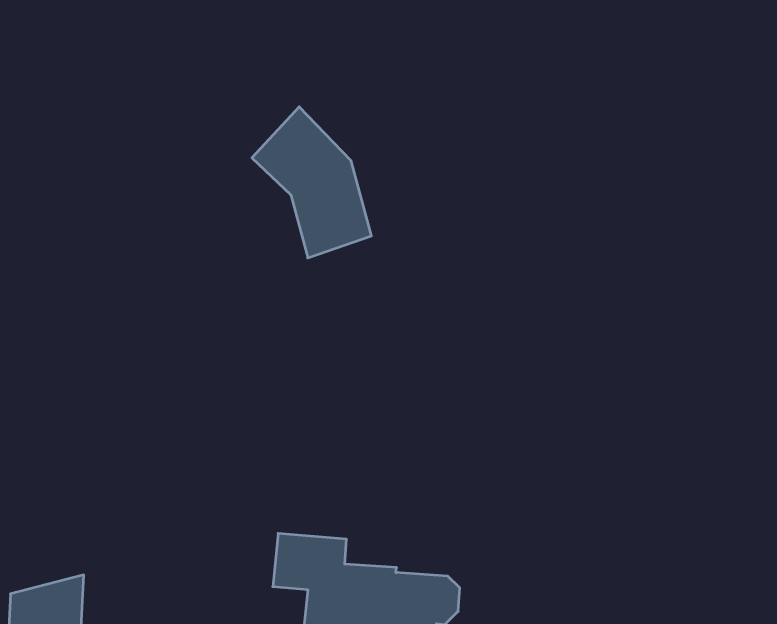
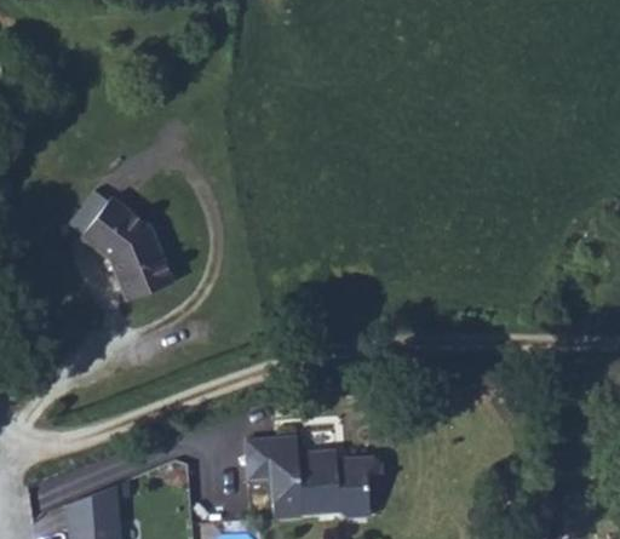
building: [252,107,371,258] -> [80,200,173,308]

